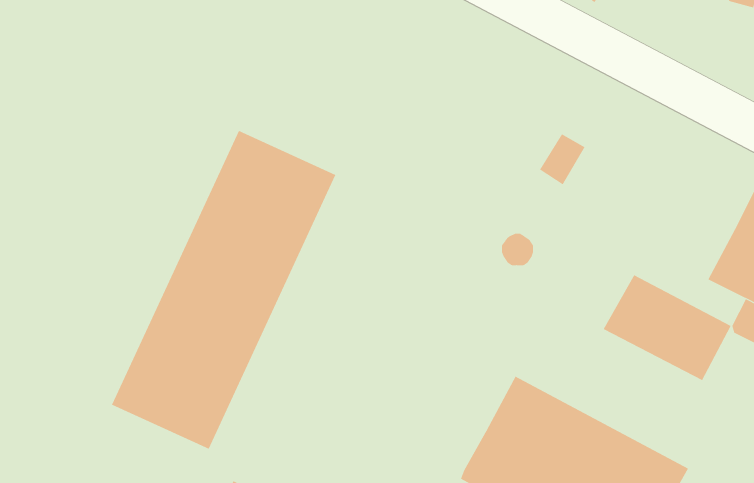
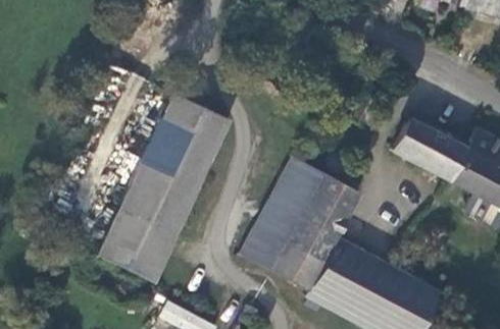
building: none -> [241,156,359,293]
building: [603,274,732,381] -> [392,117,468,180]

